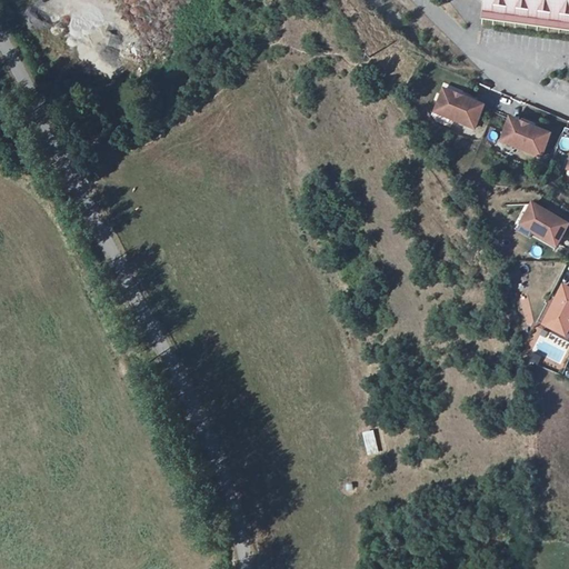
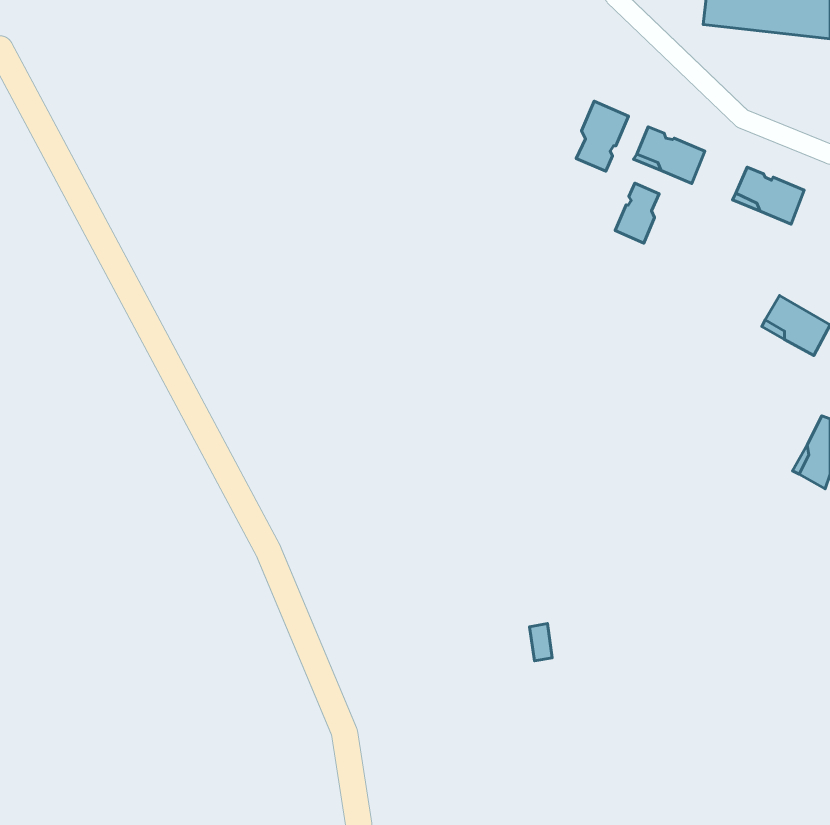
building: none -> [576,101,628,171]
building: none -> [615,183,659,243]

